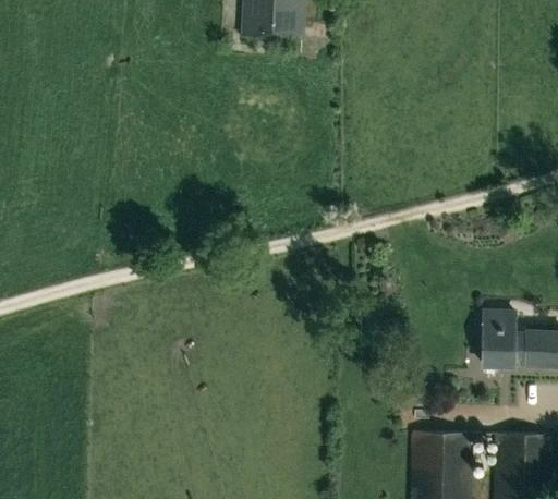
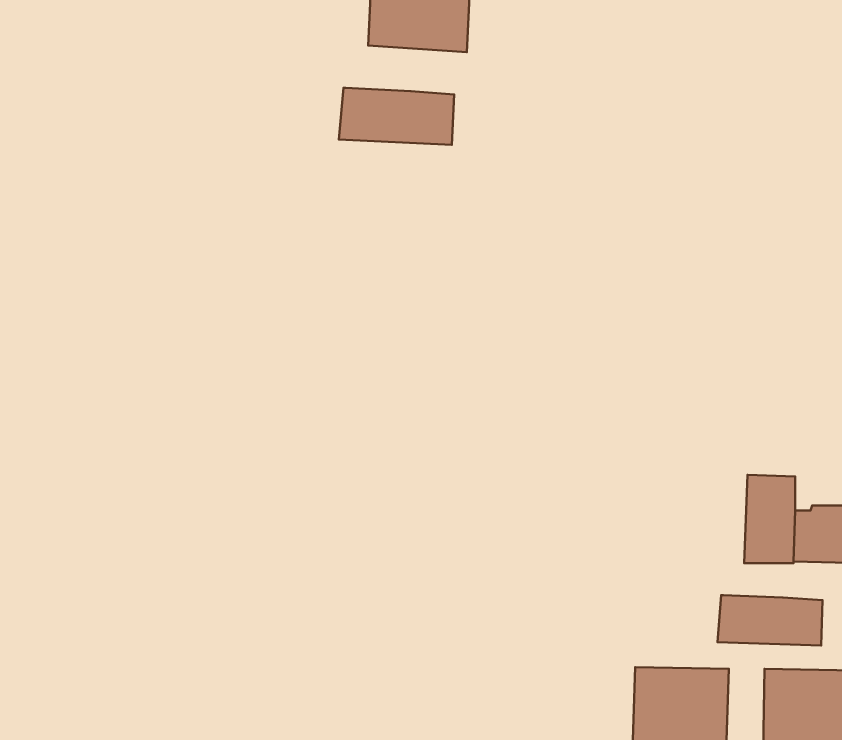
building: none -> [339,88,454,145]
building: none -> [718,595,823,646]

